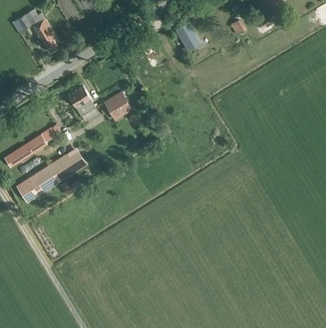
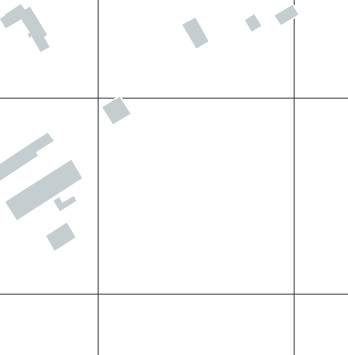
building: [68,86,95,115] -> none
building: none -> [45,222,76,252]

